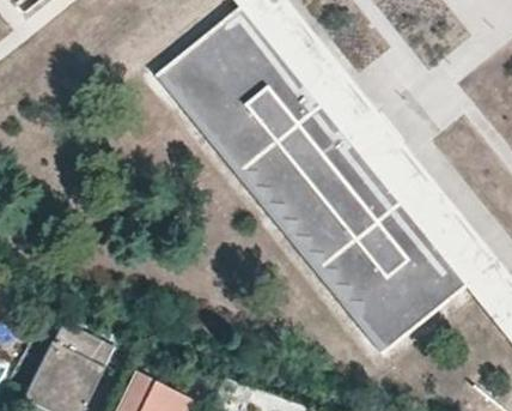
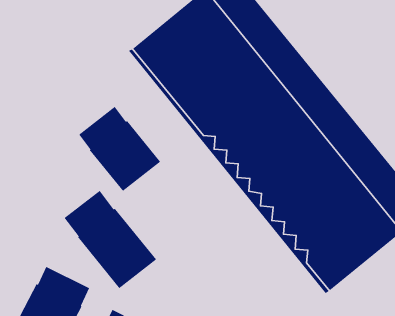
building: none -> [78,106,161,192]
building: none -> [64,190,157,289]

